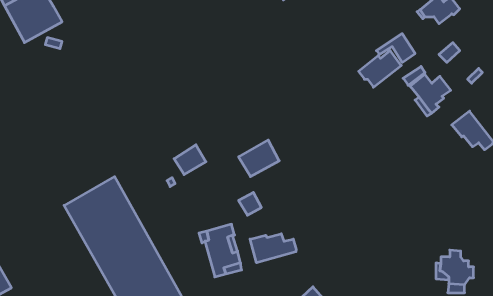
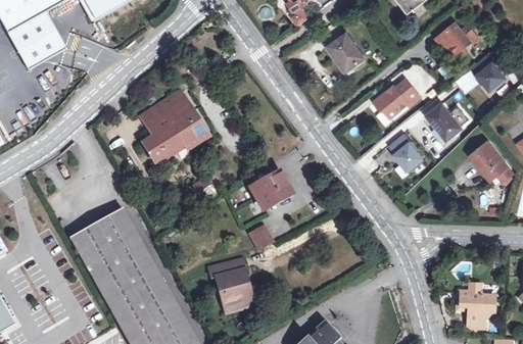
building: none -> [328,33,365,70]
building: none -> [474,55,507,92]
building: none -> [141,91,206,162]
building: none -> [389,134,423,173]
building: [250,234,296,263] -> none

